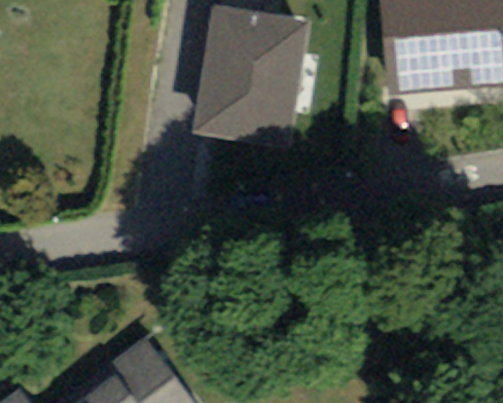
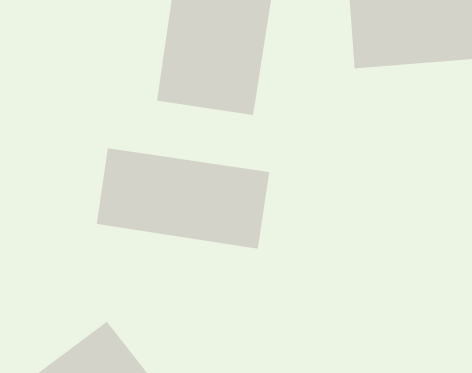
building: none -> [96,148,270,249]

